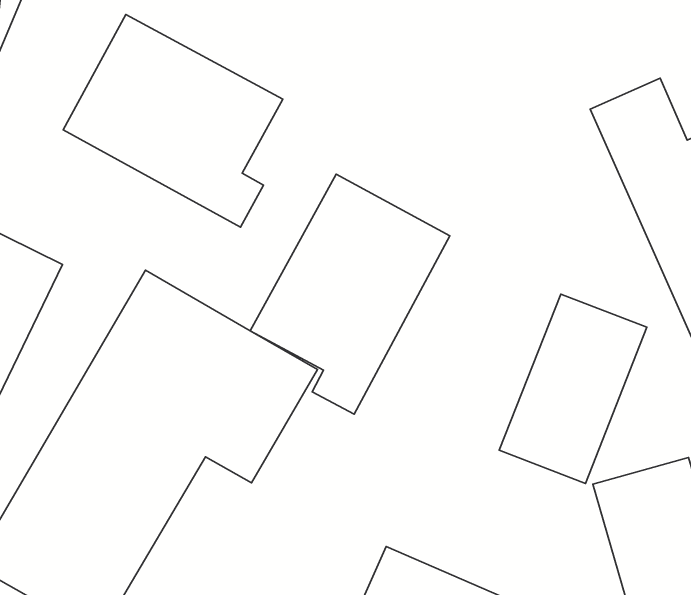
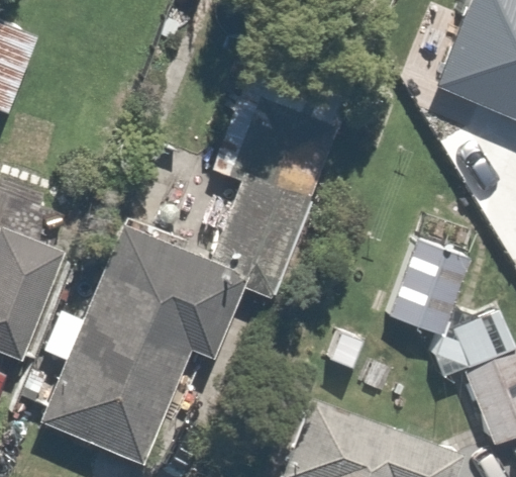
building: [63,15,283,227] -> none

